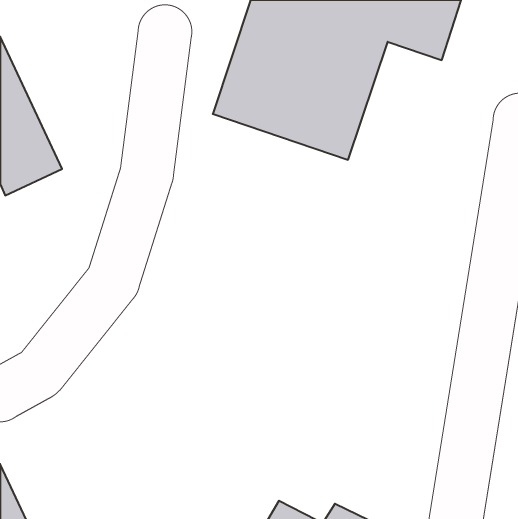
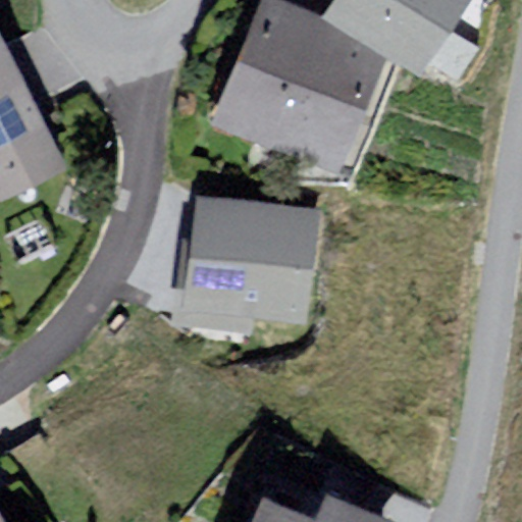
building: none -> [198,208,318,319]

